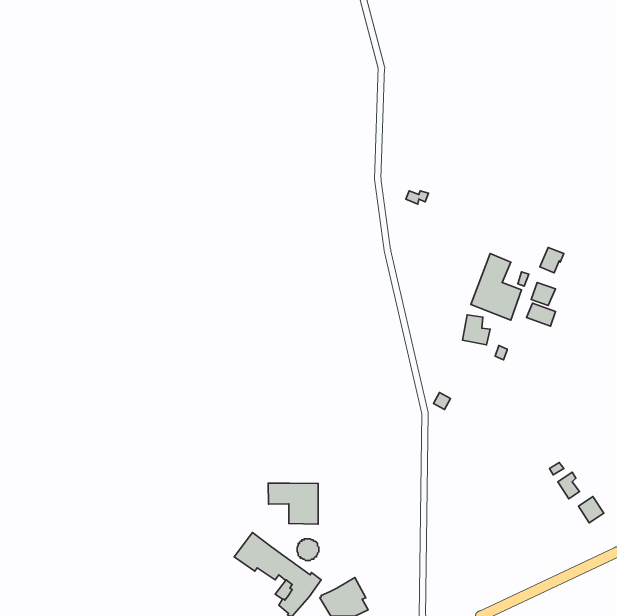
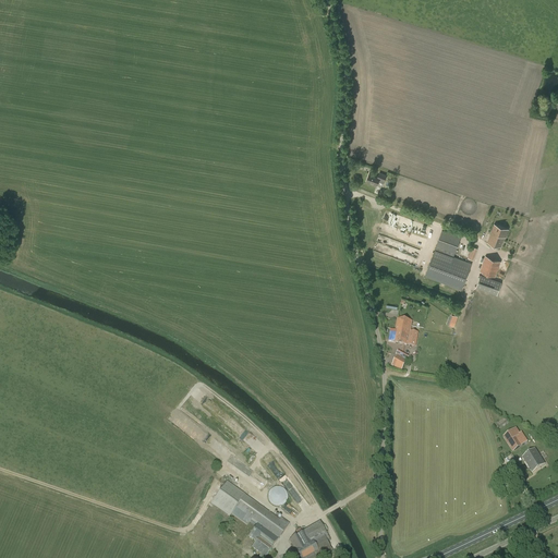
building: [462,315,490,345] -> [393,318,418,345]
building: [268,483,318,524] -> none

